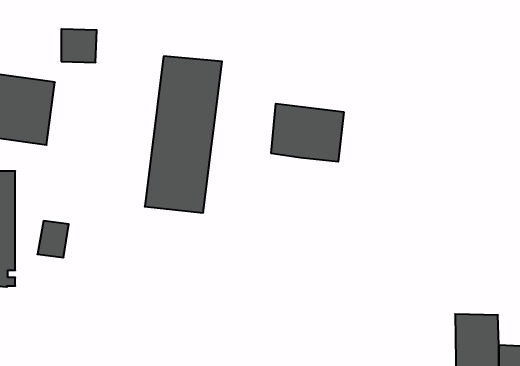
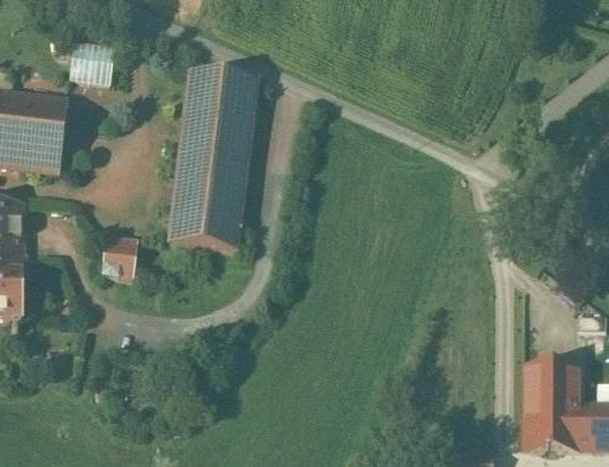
building: [271,104,344,162] -> none
building: [37,221,69,257] -> [101,234,137,276]

